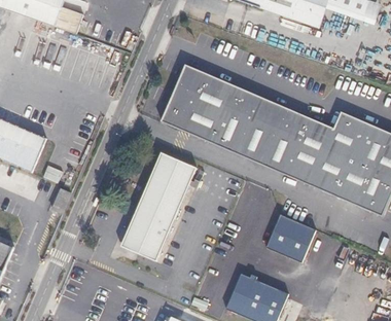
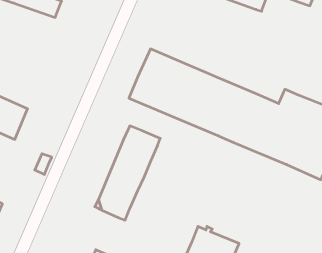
building: [262,218,313,265] -> none

